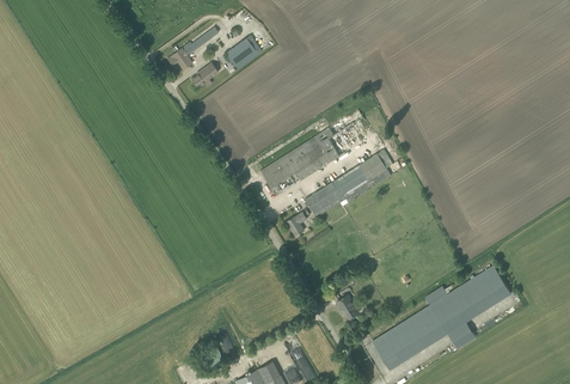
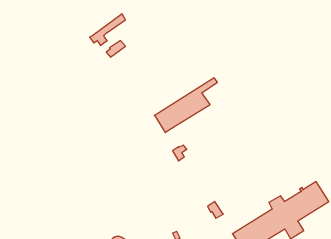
building: [226,35,263,69] -> none
building: [305,148,393,217] -> none

